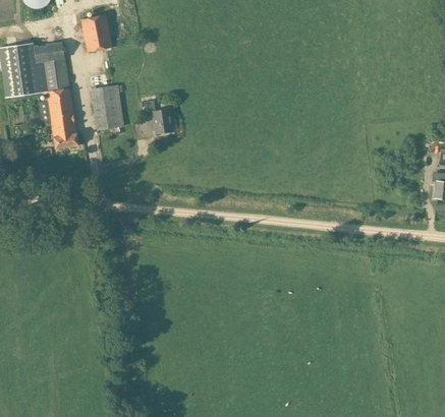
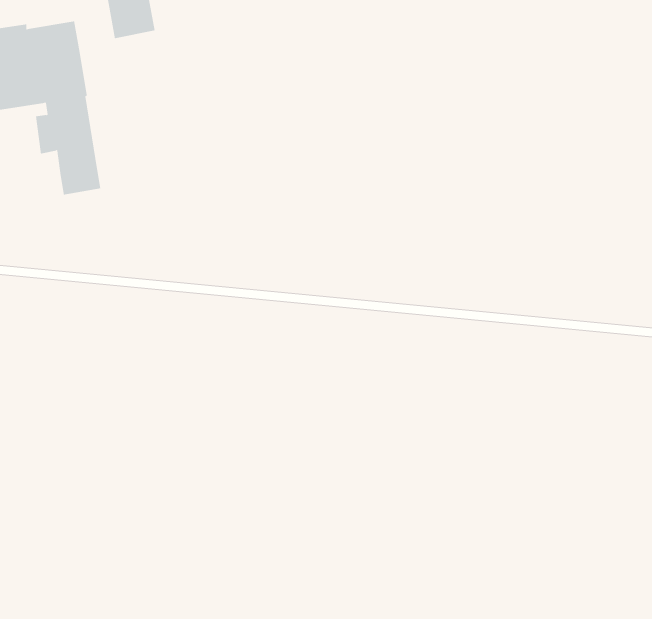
building: [91,83,124,130] -> none
building: [144,100,172,132] -> none

